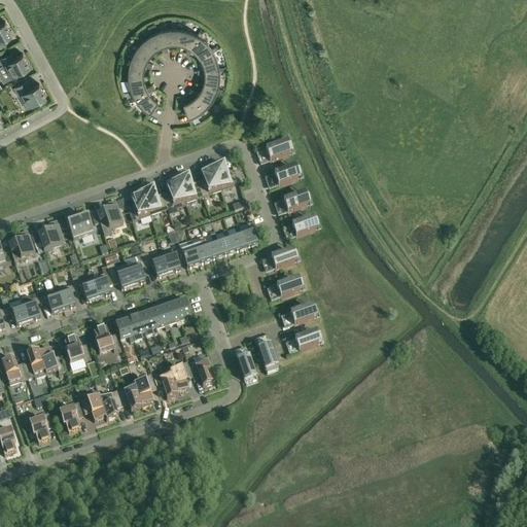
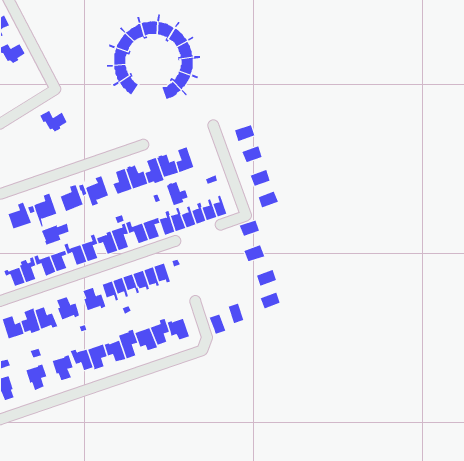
building: [13,77,45,102] -> [40,110,68,132]
building: [212,162,238,189] -> [166,181,189,206]
building: none -> [41,223,69,245]

